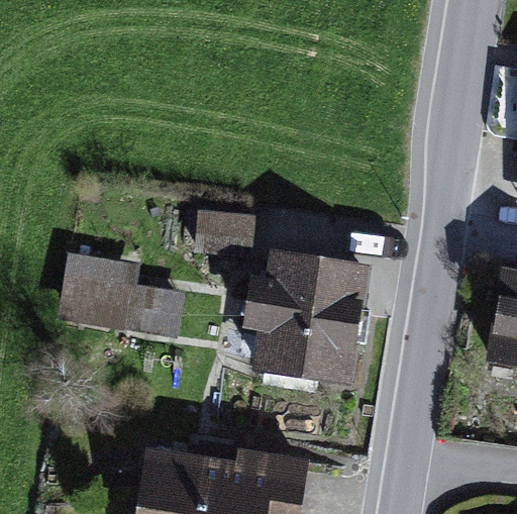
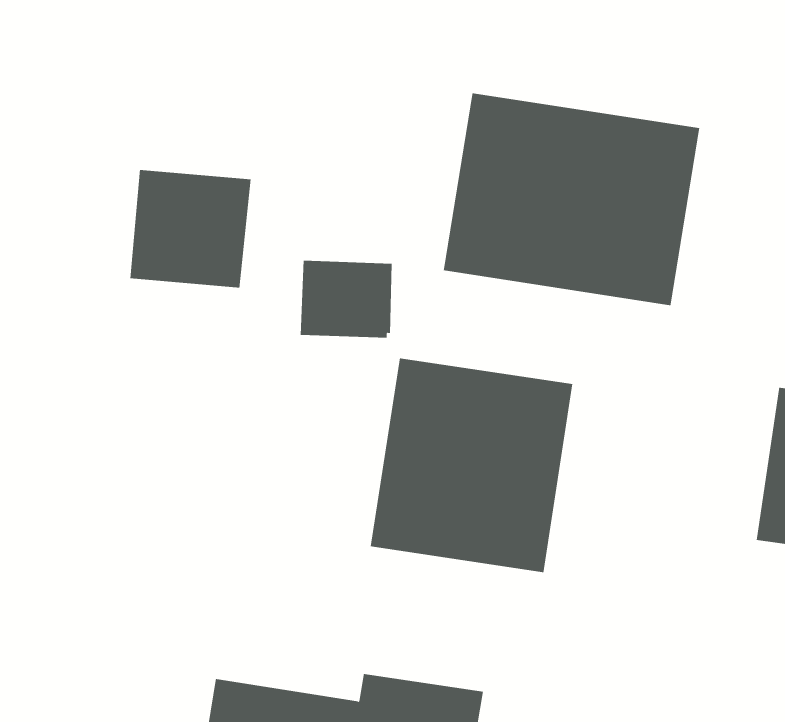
building: none -> [443,92,700,306]
building: [63,242,138,316] -> [129,169,251,288]

